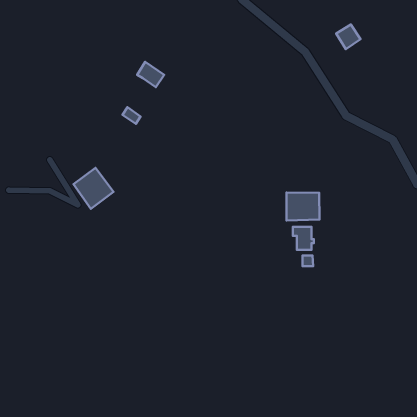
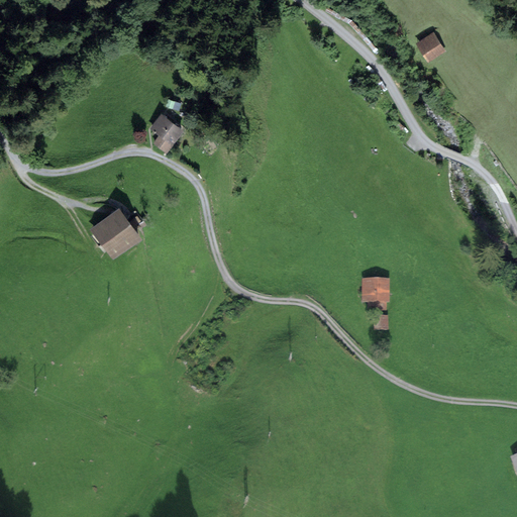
building: [137,62,164,87] -> [150,112,184,143]
building: [287,193,319,221] -> none

